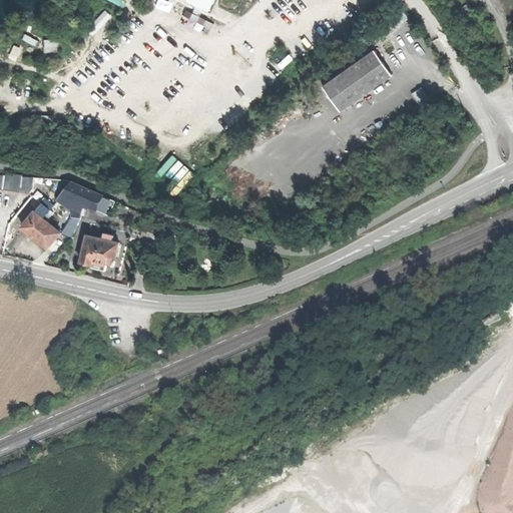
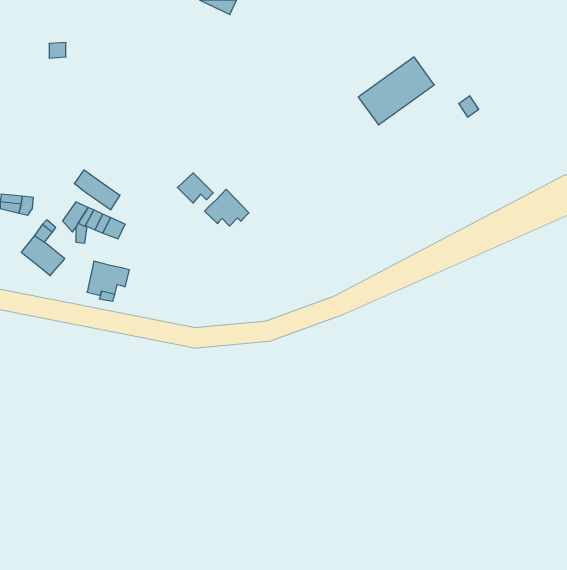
building: none -> [74,170,120,210]
building: none -> [205,189,249,226]

